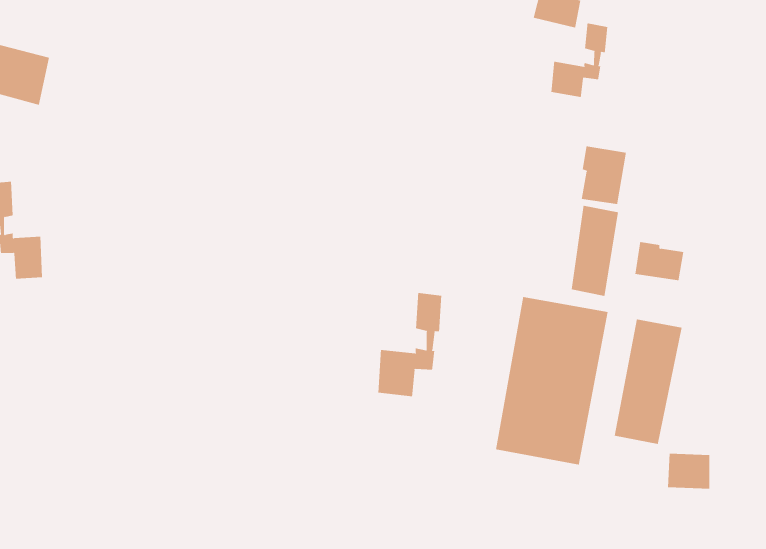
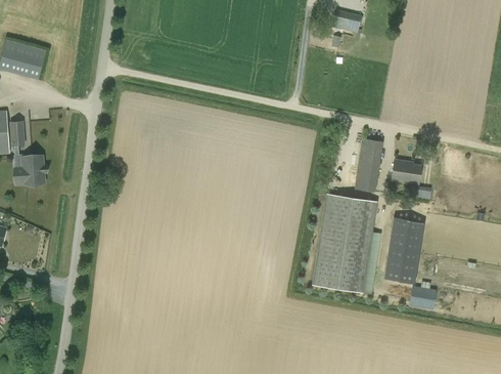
building: [551,22,608,98] -> none
building: [581,145,626,205] -> none
building: [378,292,442,397] -> none

